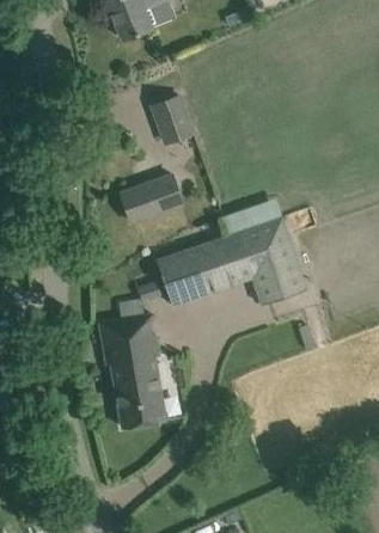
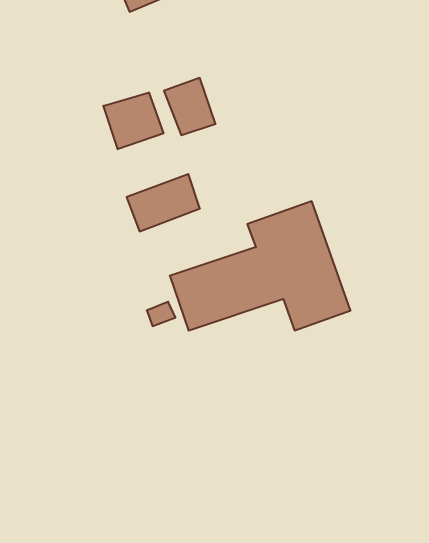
building: none -> [103,92,163,149]
building: [99,313,165,428] -> none

